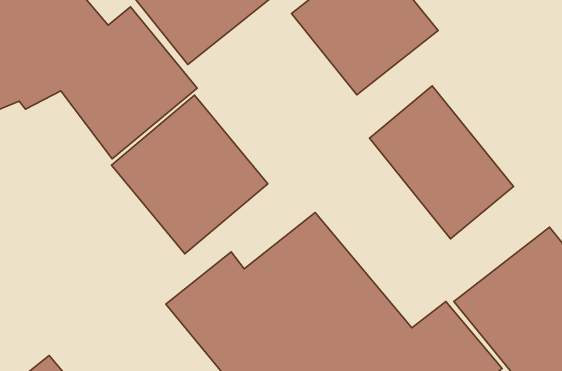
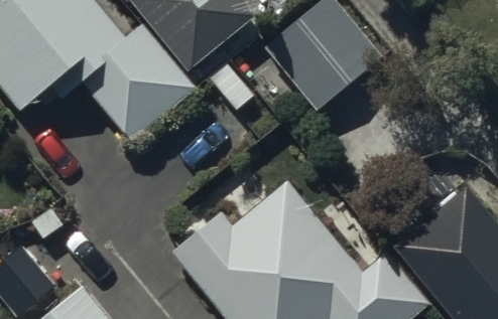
building: [369,86,513,239] -> none
building: [112,95,268,254] -> none

